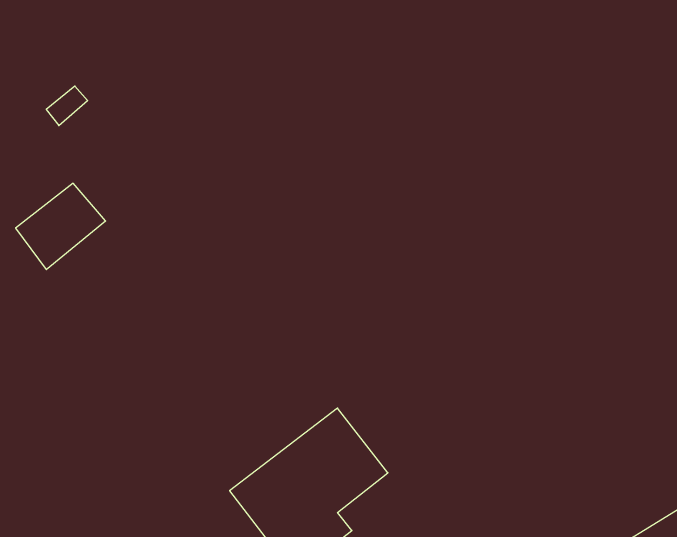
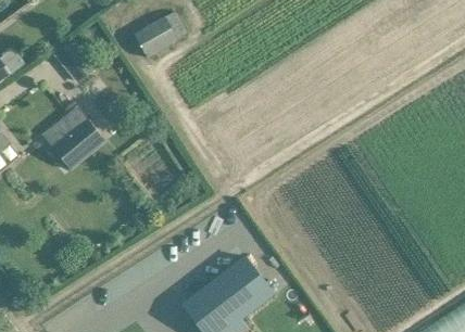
building: none -> [134,13,187,59]

